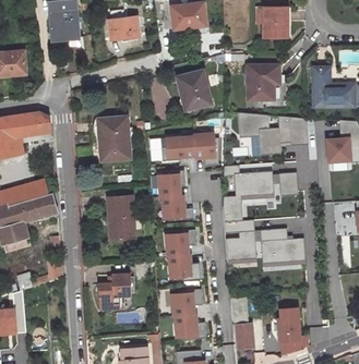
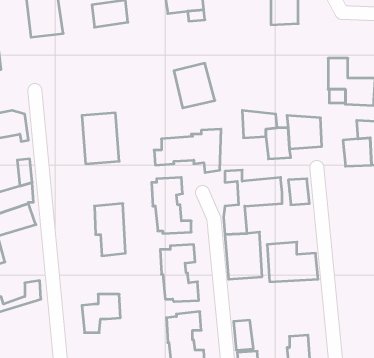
building: [247,64,279,99] -> none

